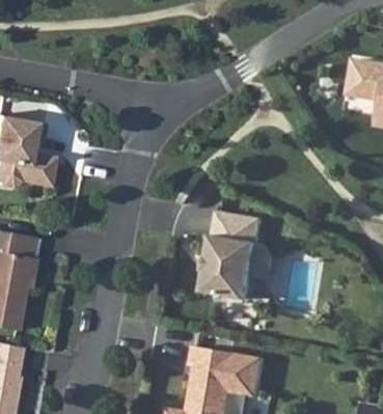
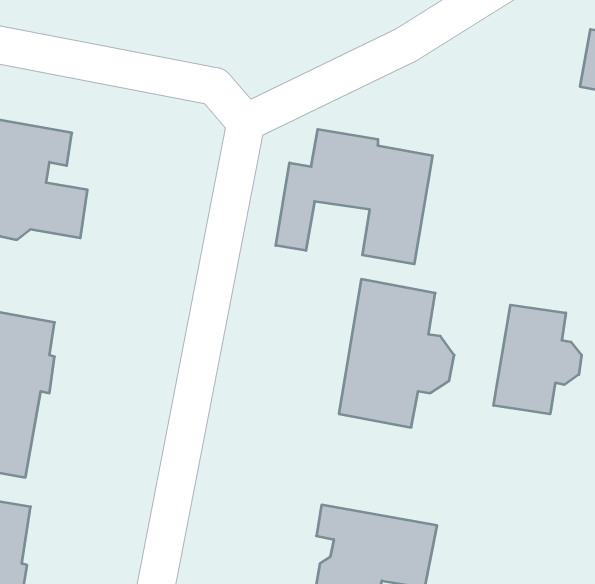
building: none -> [276,129,433,264]
building: none -> [494,305,582,414]

